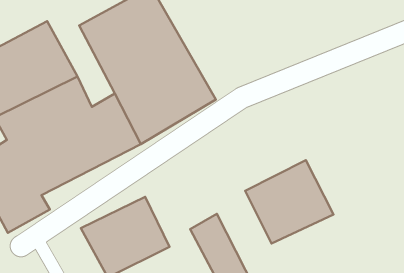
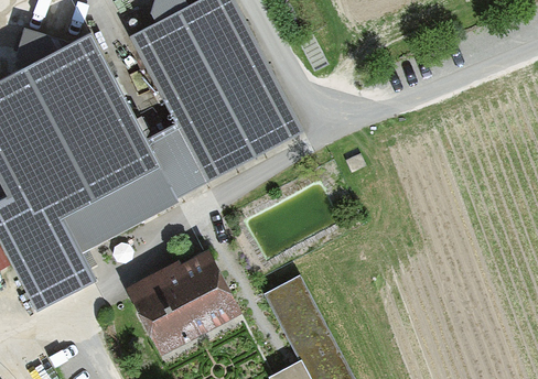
building: [245,160,333,243] -> none

